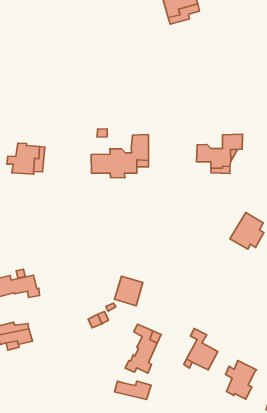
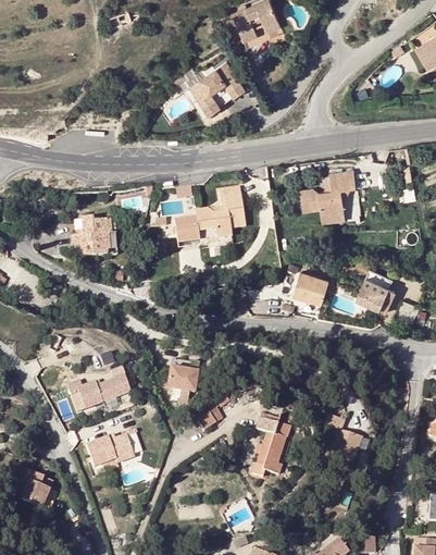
building: none -> [190,62,246,114]
building: none -> [294,270,329,304]
building: [115,276,143,306] -> [166,358,198,392]
building: [226,360,256,399] -> none
building: [114,381,151,399] -> none

